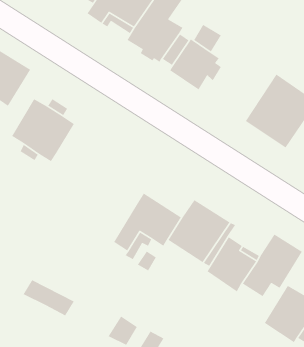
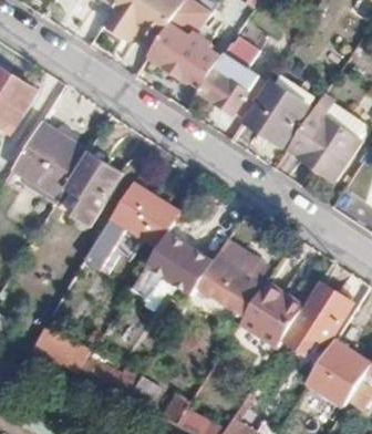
building: none -> [240,78,307,145]
building: none -> [68,152,123,226]
building: none -> [86,180,182,266]
building: none -> [78,355,143,399]

